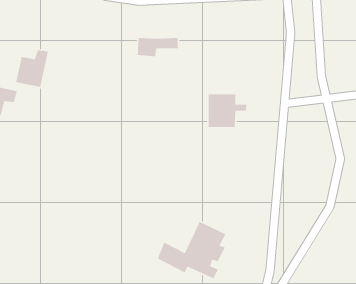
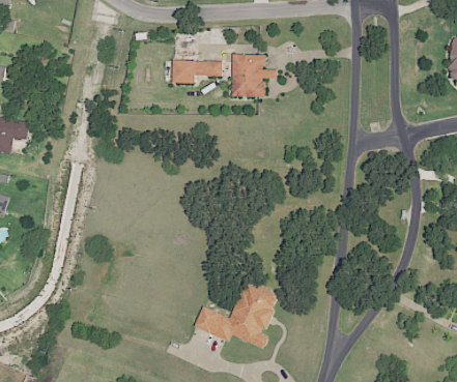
building: [15,49,49,88] -> none
building: [208,93,247,128] -> [232,54,280,95]

